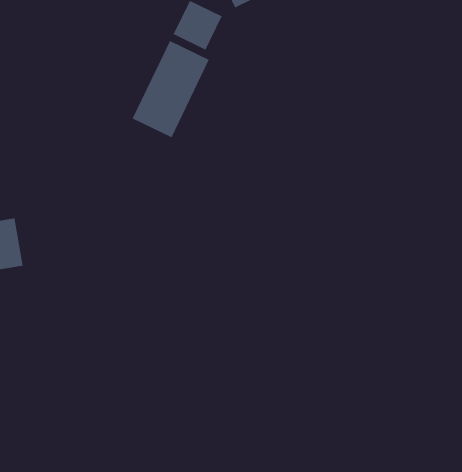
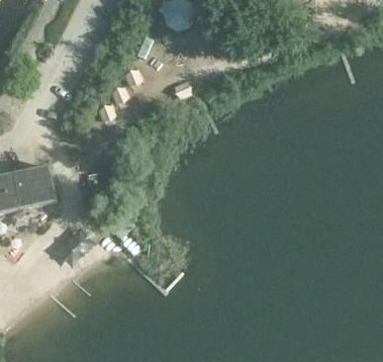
building: [132,40,210,138] -> none

